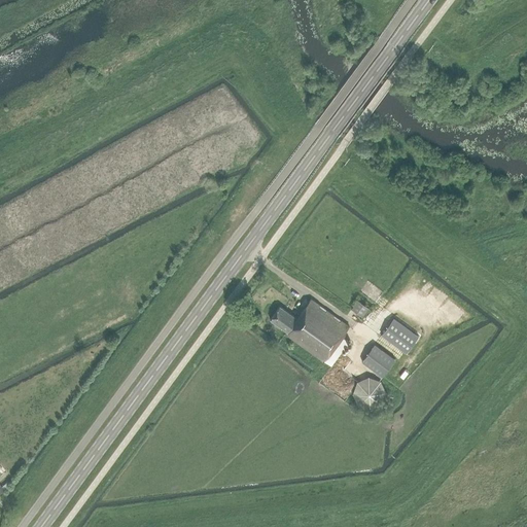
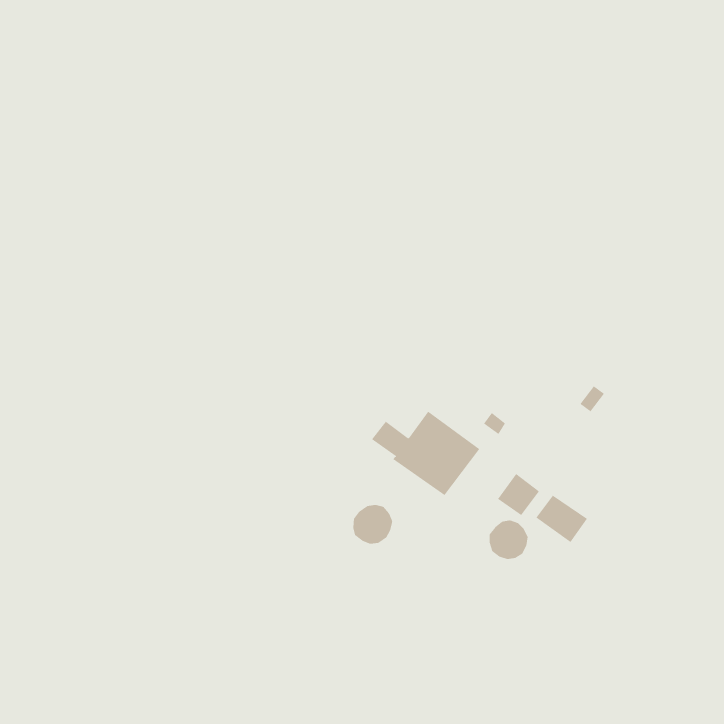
building: [381,318,419,353] -> [536,495,588,543]
building: none -> [353,504,393,545]

